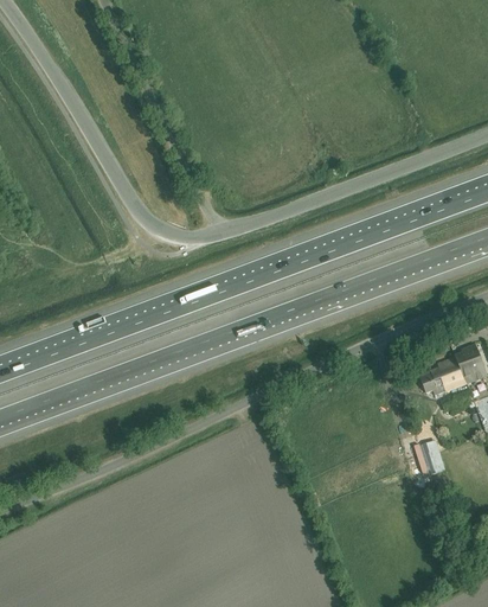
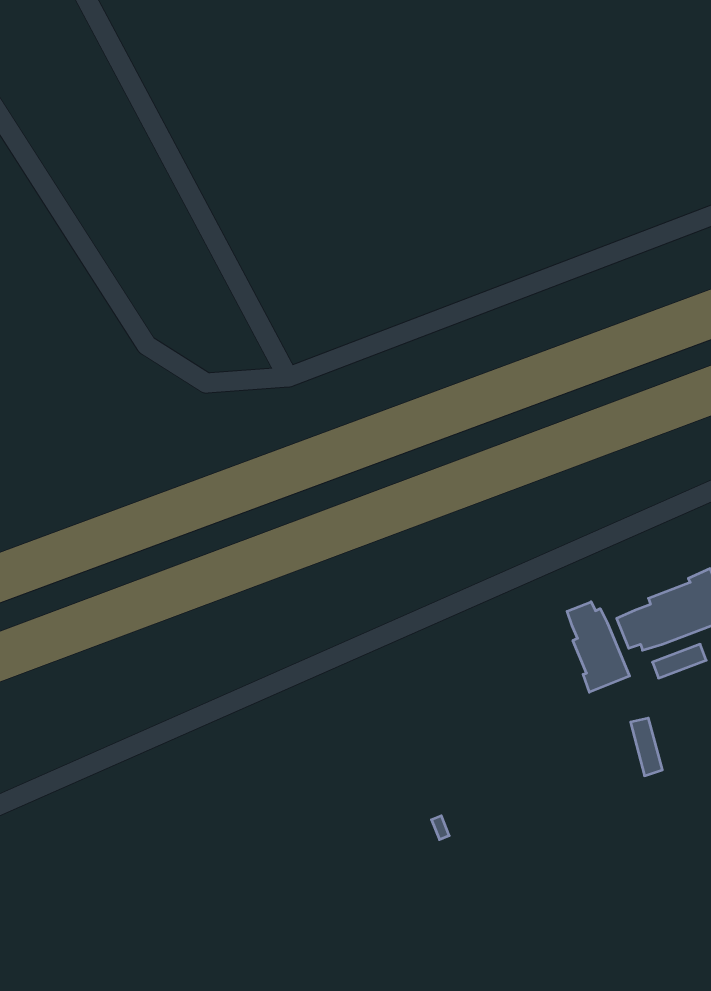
building: none -> [567,602,630,692]

